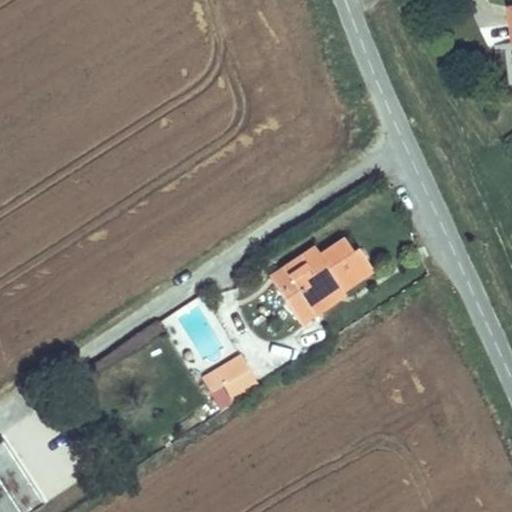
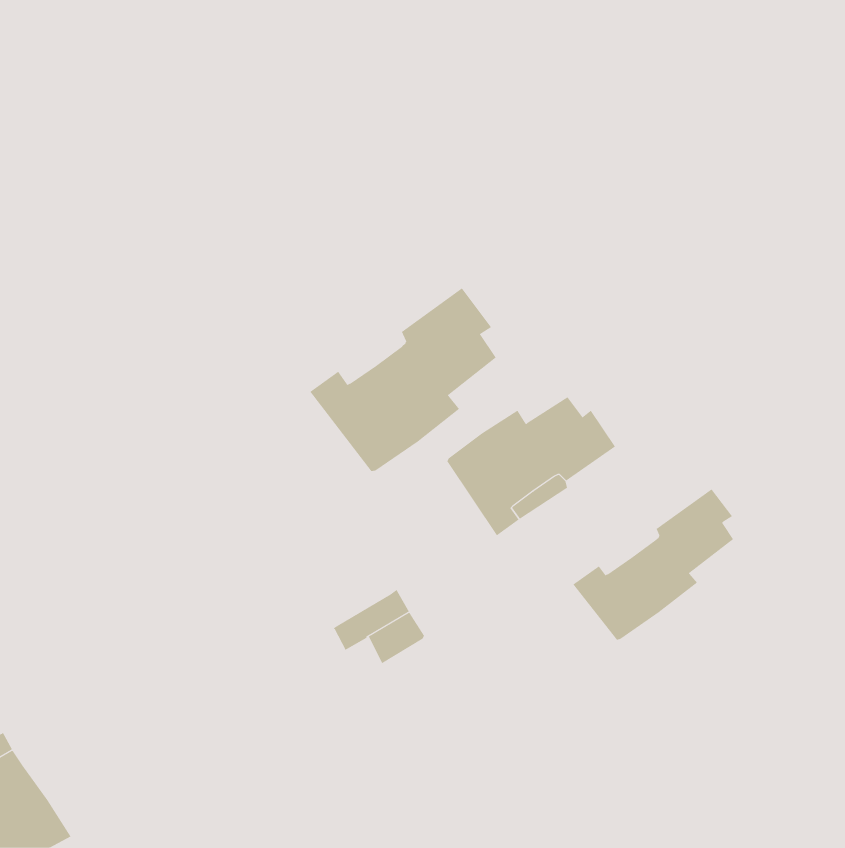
building: none -> [309,287,497,472]
building: none -> [573,488,734,640]

